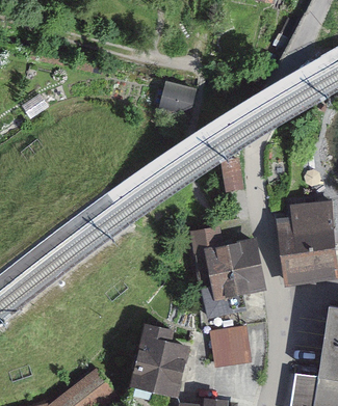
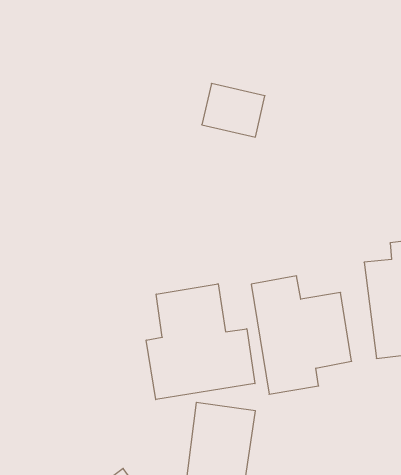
building: none -> [146,284,255,400]
building: [211,326,250,369] -> none

